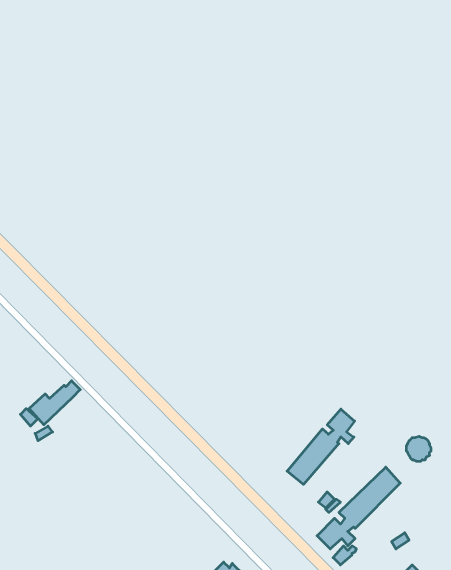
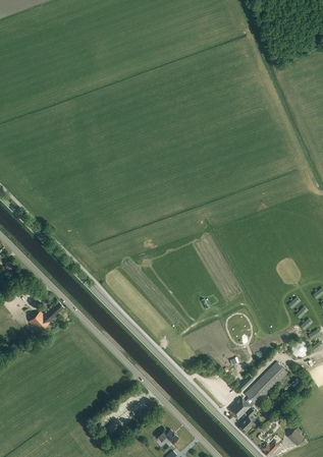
building: [287,409,355,484] -> none

